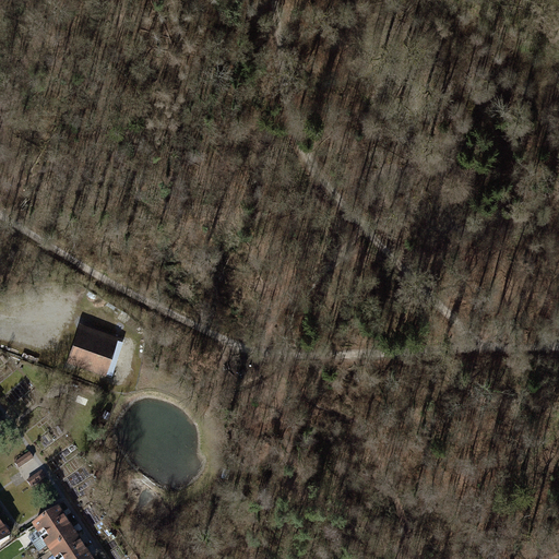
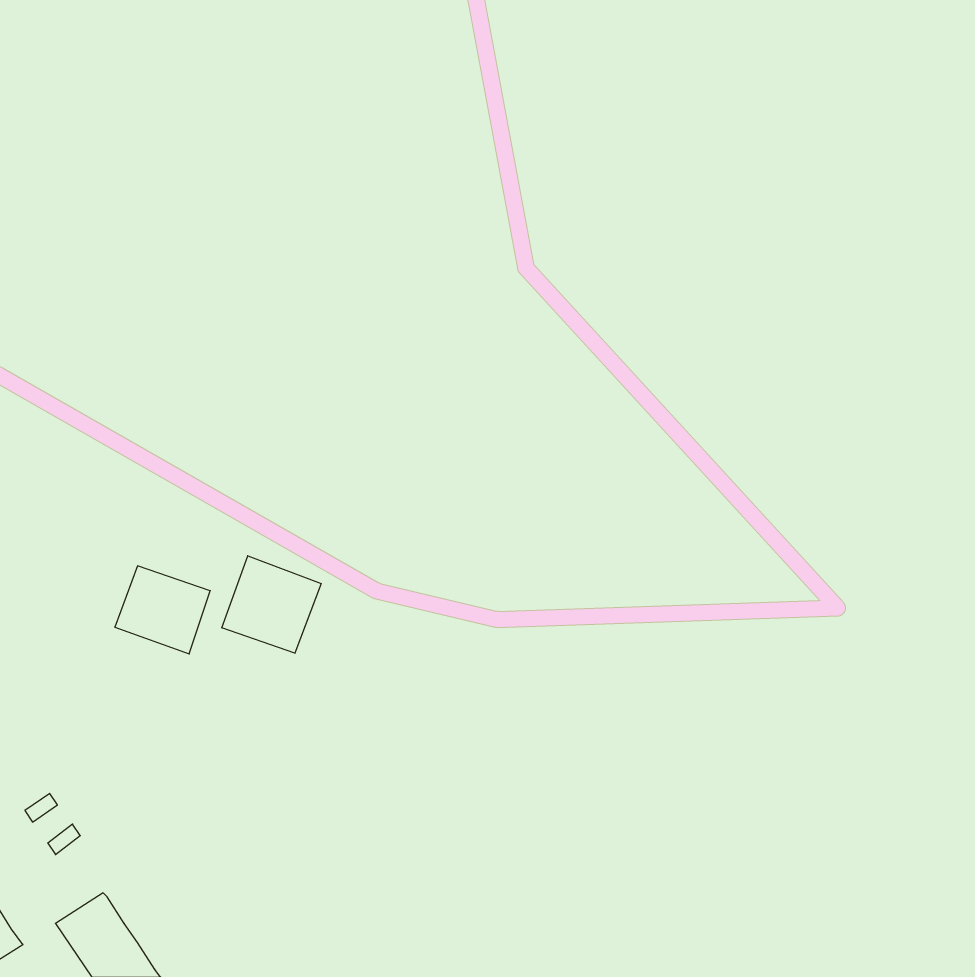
building: none -> [222,556,321,653]

